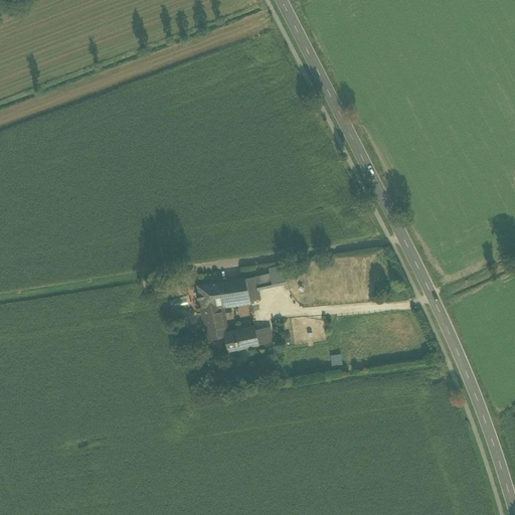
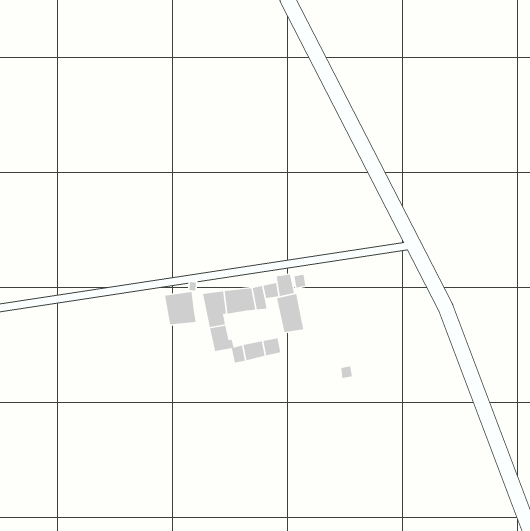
building: none -> [164,291,197,325]
building: none -> [276,293,304,333]

